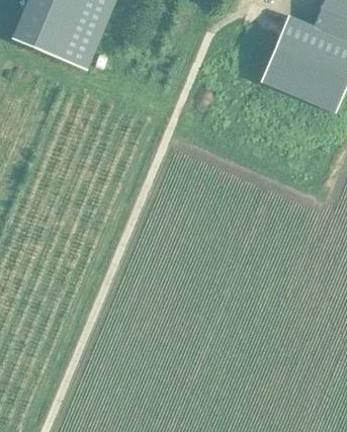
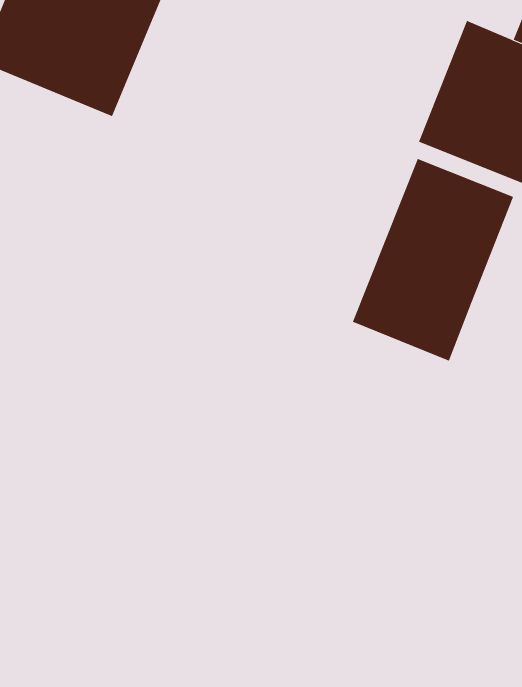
building: none -> [352,158,514,361]

